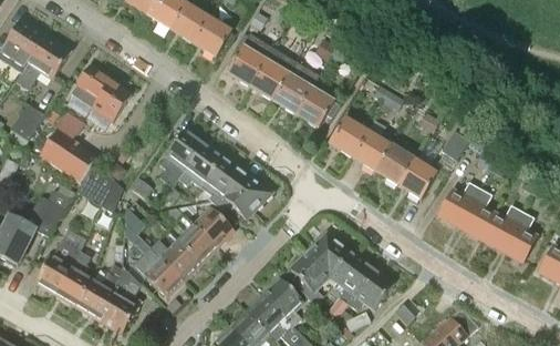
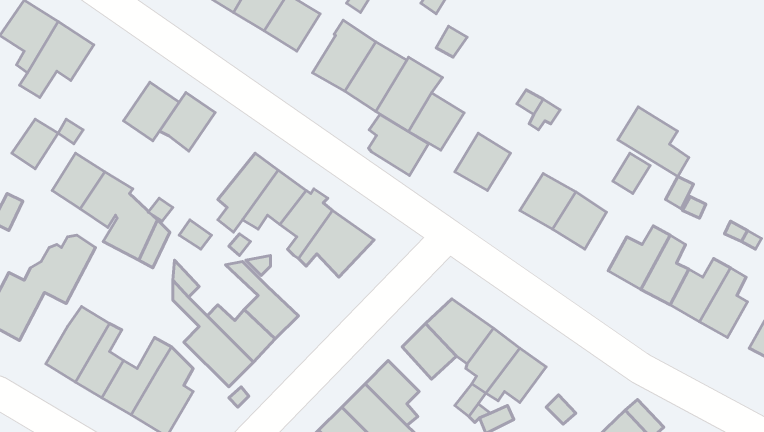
building: [70,64,110,106] -> [159,92,215,151]
building: none -> [618,107,689,176]
building: none -> [368,114,429,175]
building: [351,130,391,171] -> none
building: [194,207,232,246] -> none

